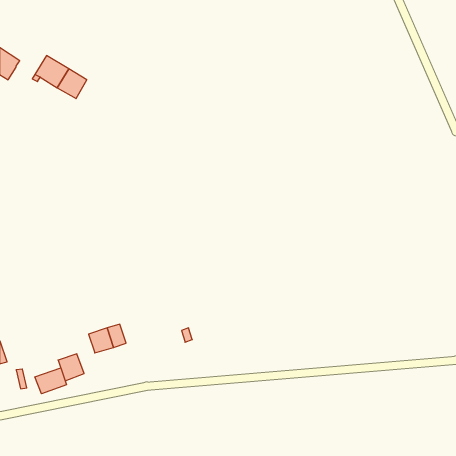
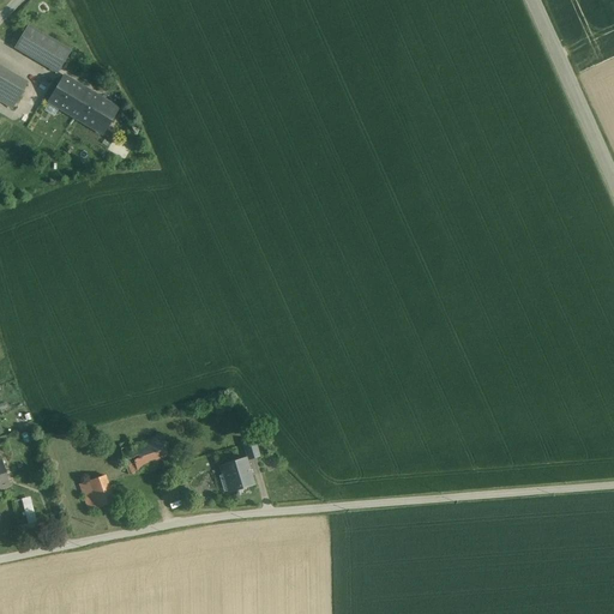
building: none -> [14,24,70,71]
building: none -> [222,457,252,489]
building: [35,368,67,394] -> none

